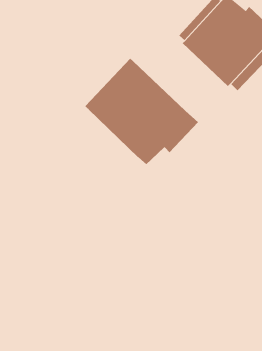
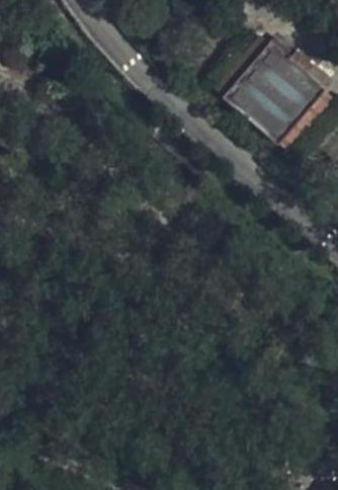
building: [84,58,199,165] -> none

